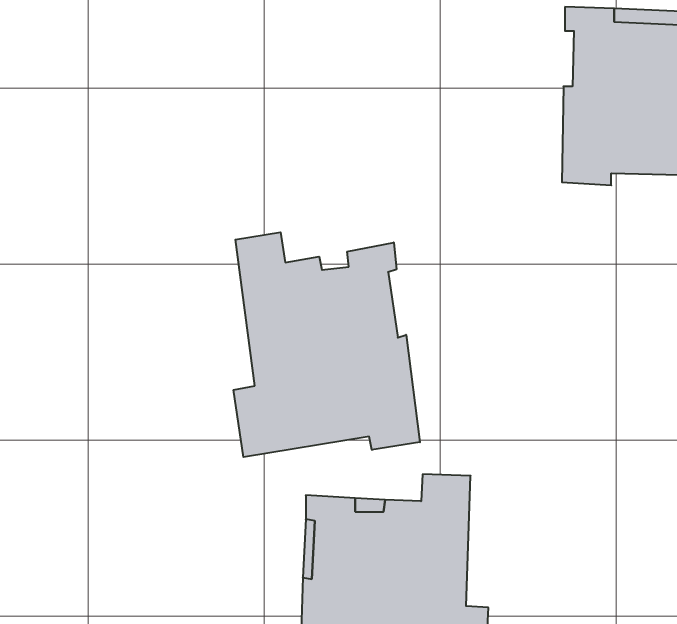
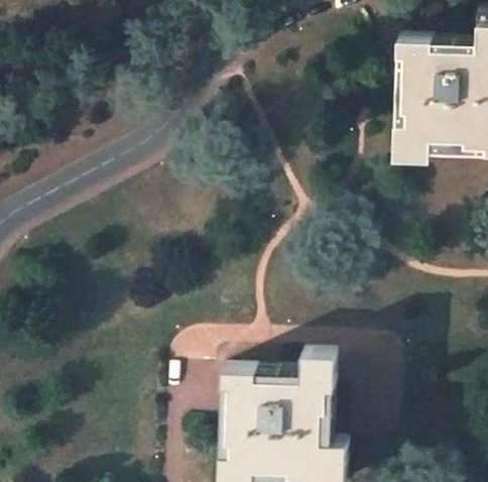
building: [234,232,420,457] -> none

